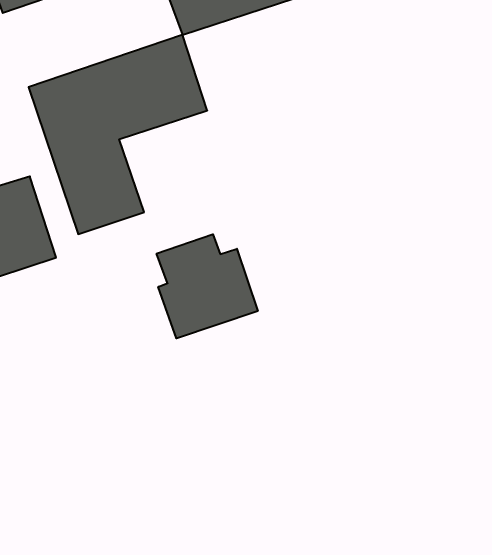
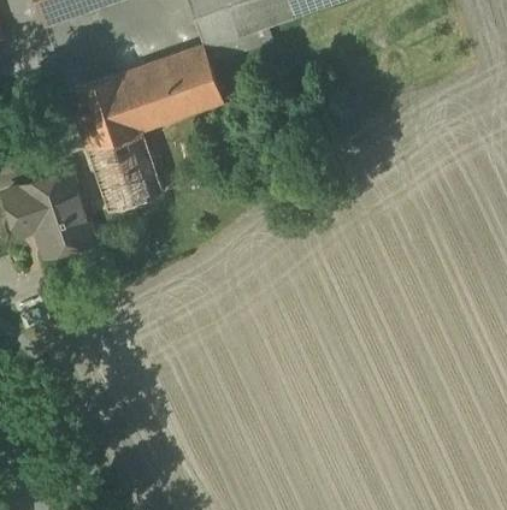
building: [157,234,258,338] -> none

